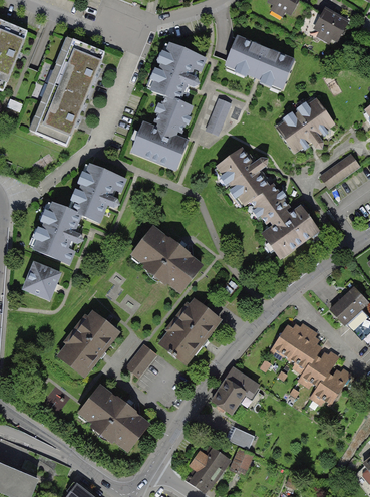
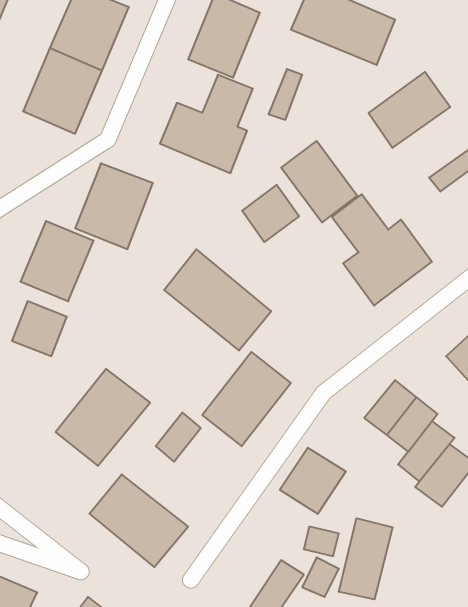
building: none -> [242,185,299,242]
building: none -> [339,518,393,599]

